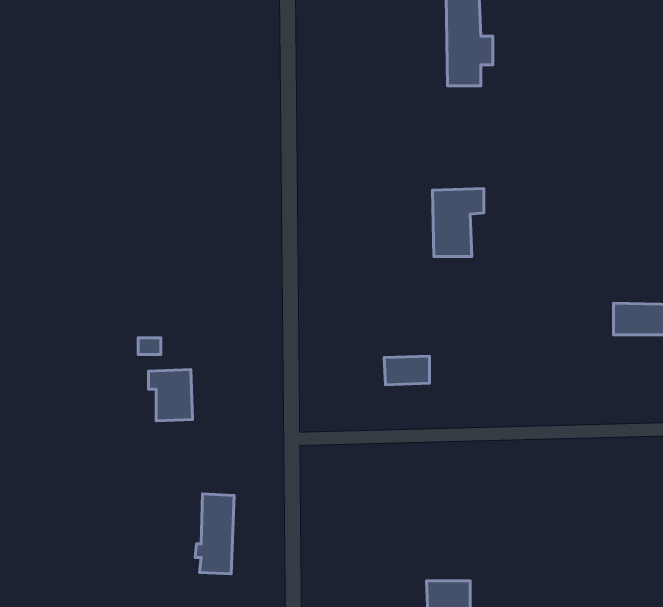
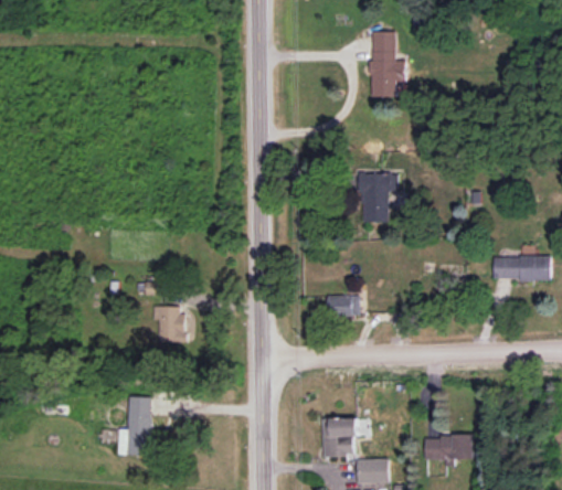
building: [195,494,234,574] -> [124,396,152,455]
building: none -> [322,417,358,457]
building: none -> [424,435,474,466]

